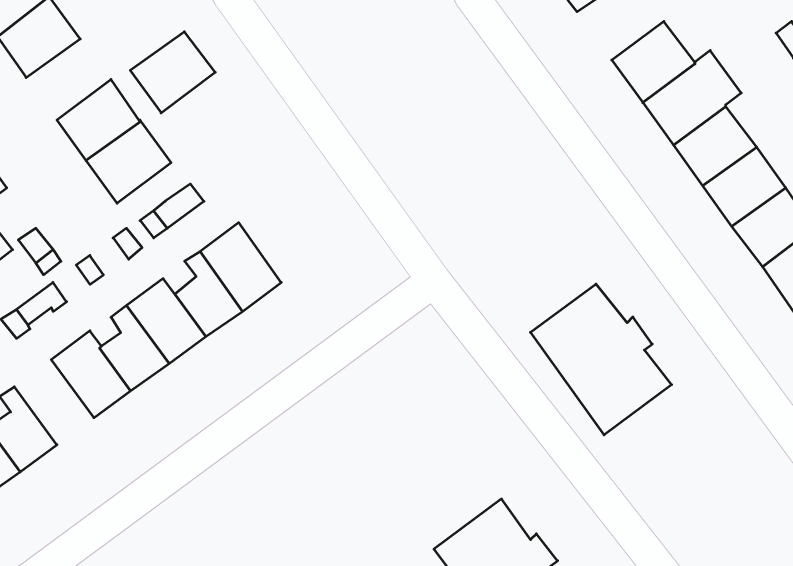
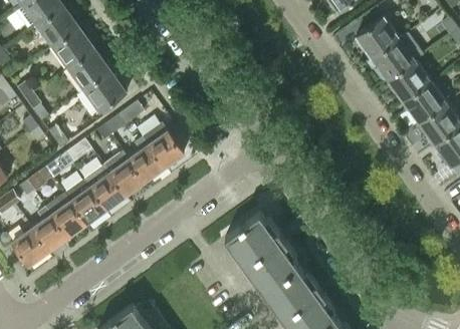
building: [130,32,215,113] -> [50,27,94,69]
building: [530,284,672,435] -> [224,214,297,292]
building: none -> [44,194,85,238]

